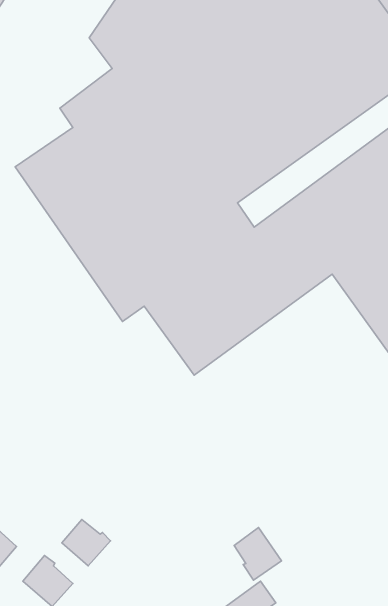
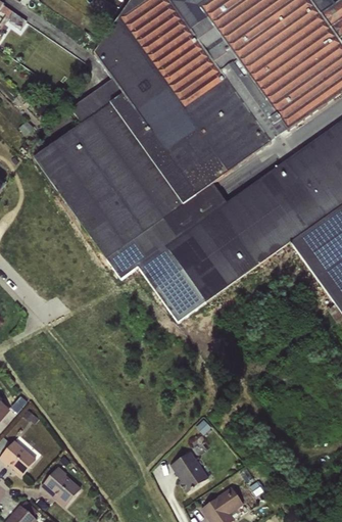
building: [62,520,111,566] -> none
building: [234,528,281,580] -> [170,449,208,491]

